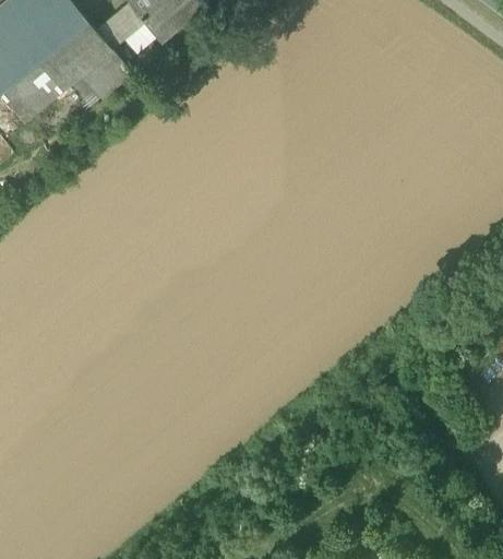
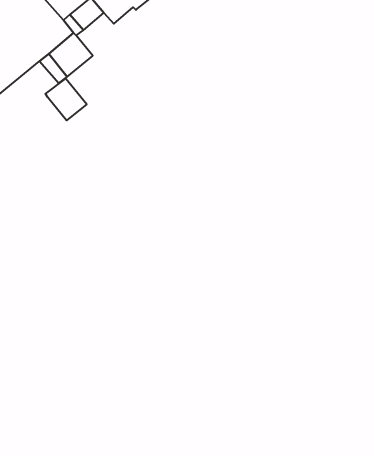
building: none -> [45,78,87,120]

